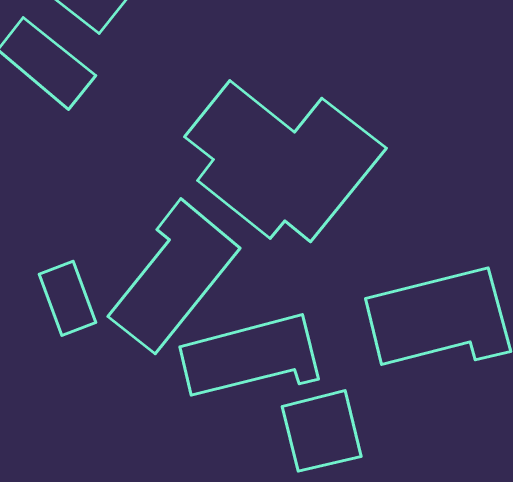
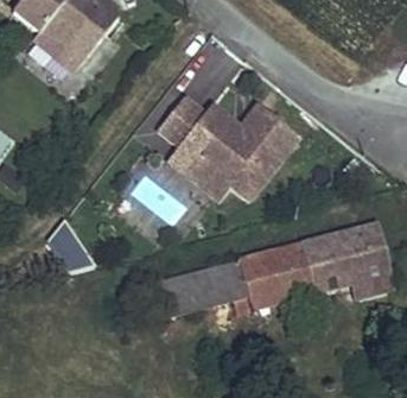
building: [108,198,240,354] -> none
building: [282,390,361,471] -> [239,247,297,307]

